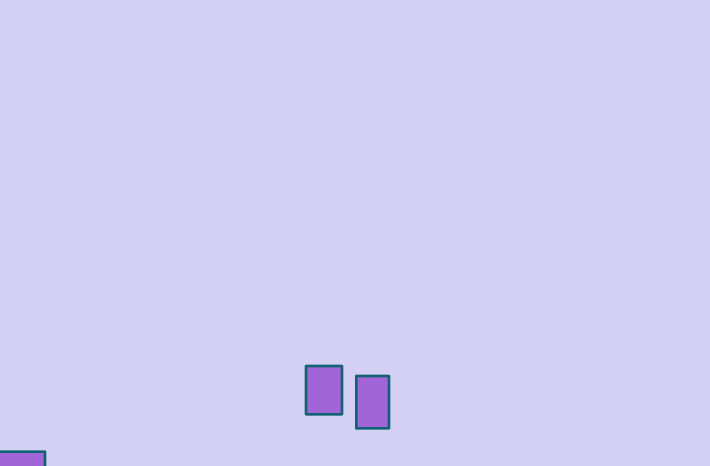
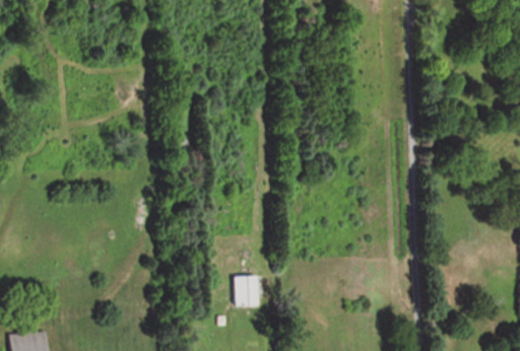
building: [356,376,389,428] -> none

